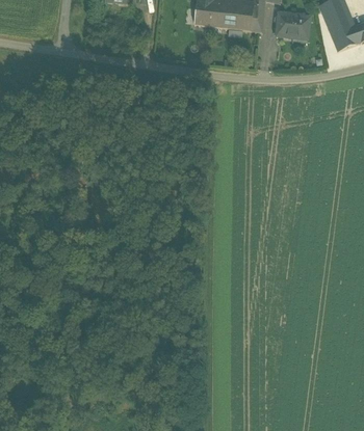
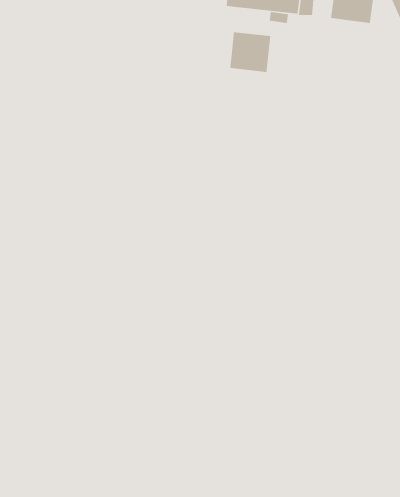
building: none -> [230,32,271,73]

